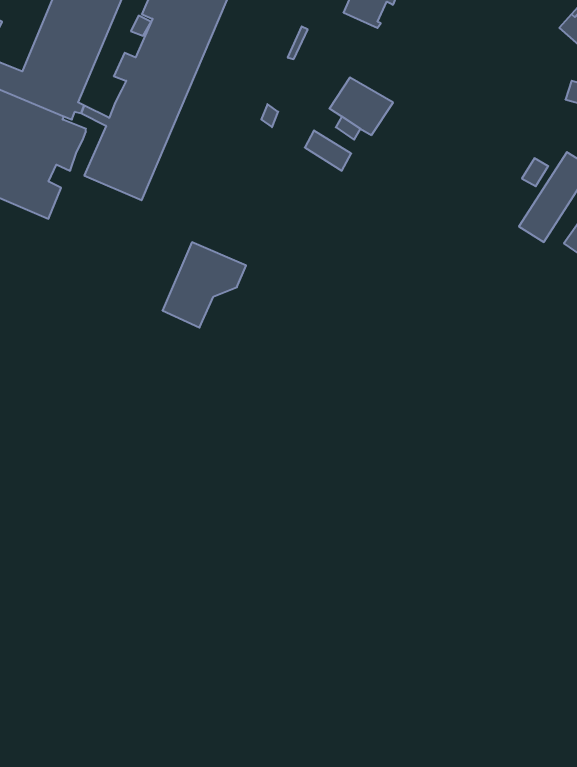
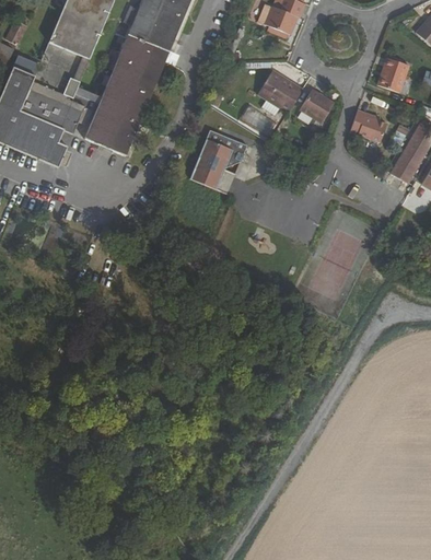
building: none -> [380,57,409,92]
building: none -> [298,86,331,119]
building: none -> [349,108,386,142]
building: [162,242,246,328] -> [187,127,246,187]

